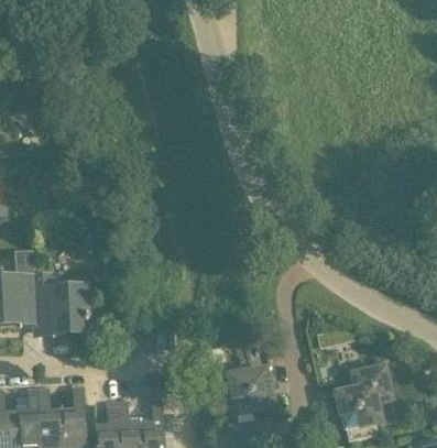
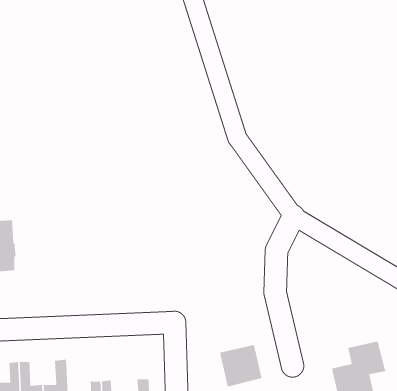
building: [34,270,87,334] -> none

